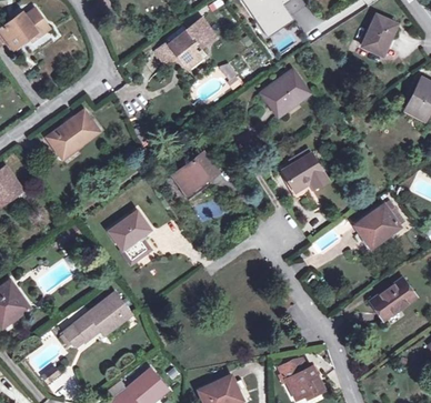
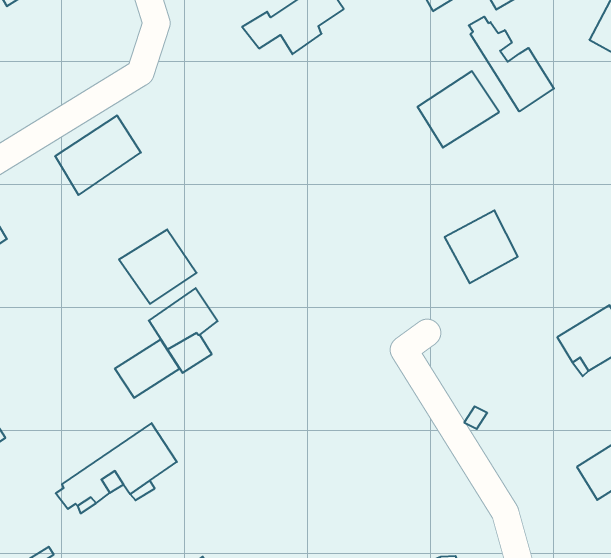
building: none -> [469,17,554,111]
building: [172,152,218,201] -> none
building: none -> [119,229,197,304]
building: none -> [115,340,179,398]

